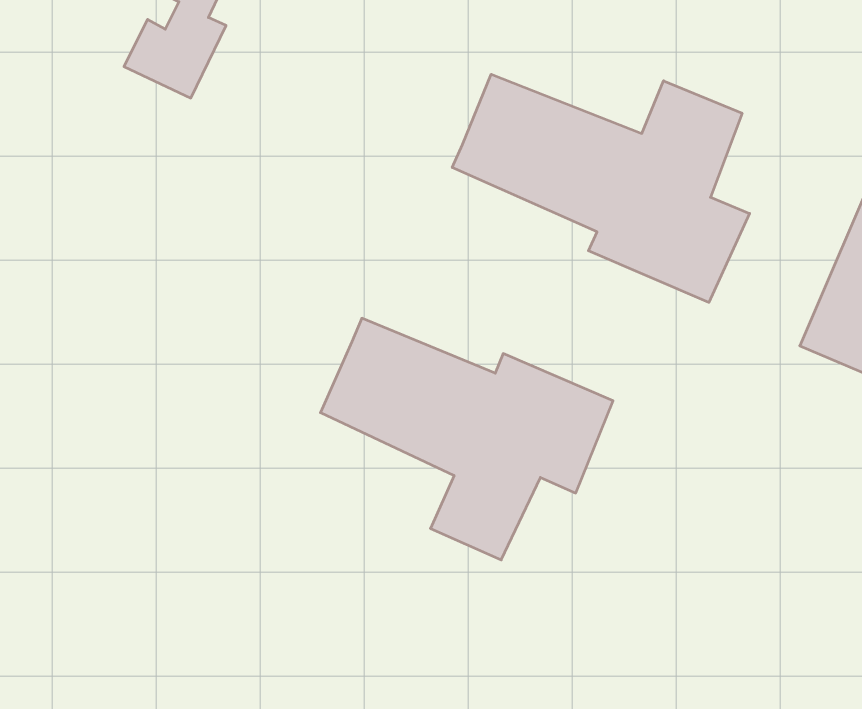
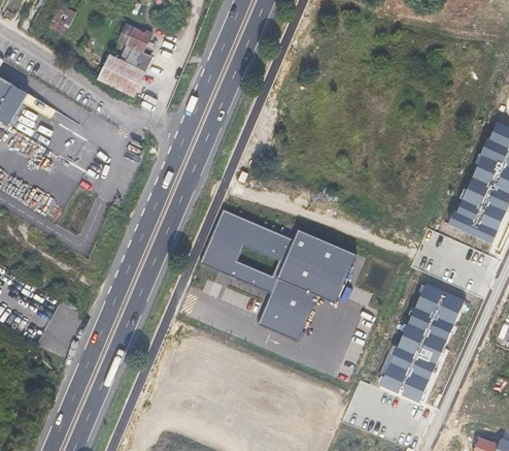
building: [452,74,750,302] -> none
building: none -> [381,284,465,401]

